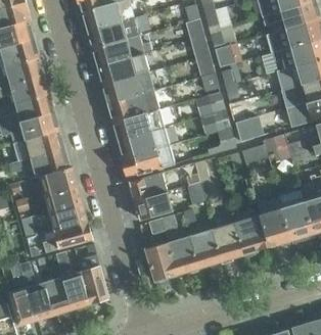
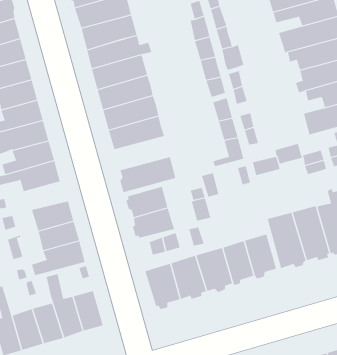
building: [118,127,169,157] -> none
building: [31,166,77,193] -> none

